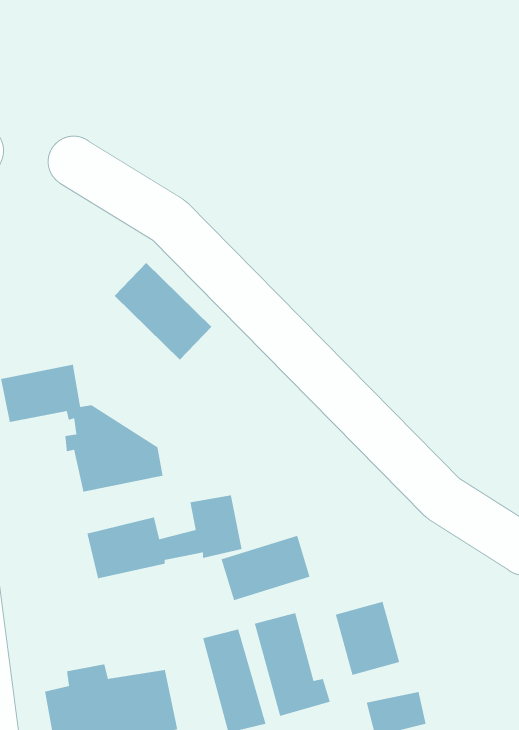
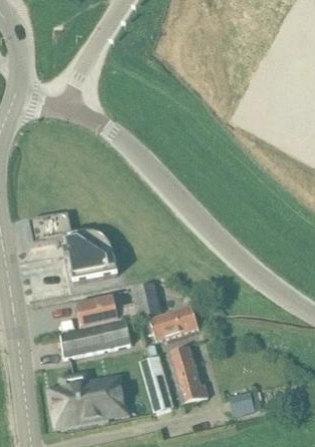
building: [114,262,212,360] -> none
building: none -> [60,319,130,357]
building: [335,601,400,676] -> none

